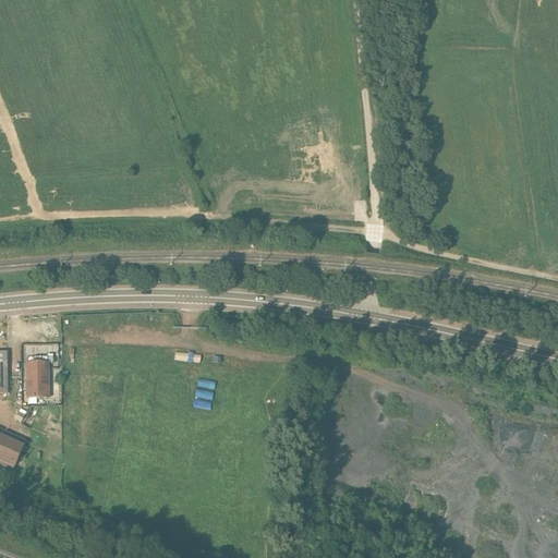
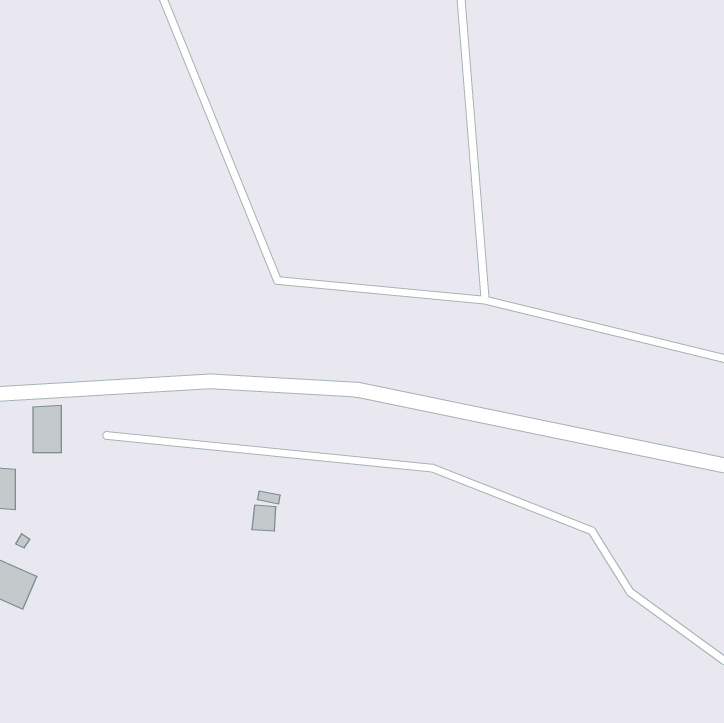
building: [24,360,46,396] -> [33,406,61,453]

